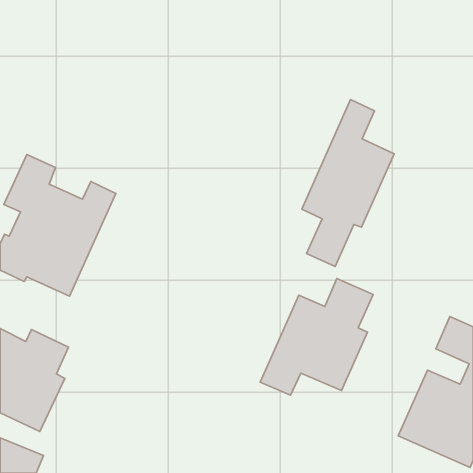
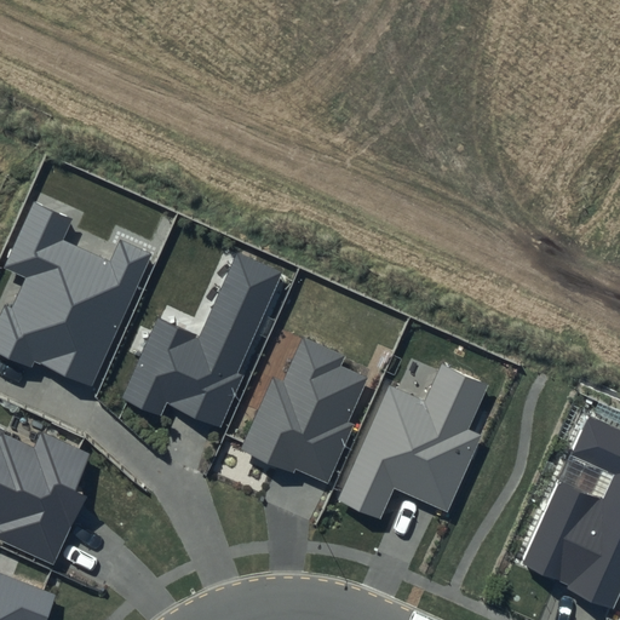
building: [302,99,394,266] -> none
building: none -> [122,251,282,425]
building: none -> [243,338,368,484]

